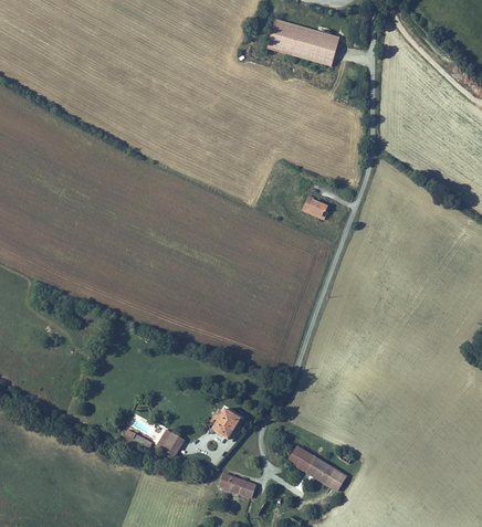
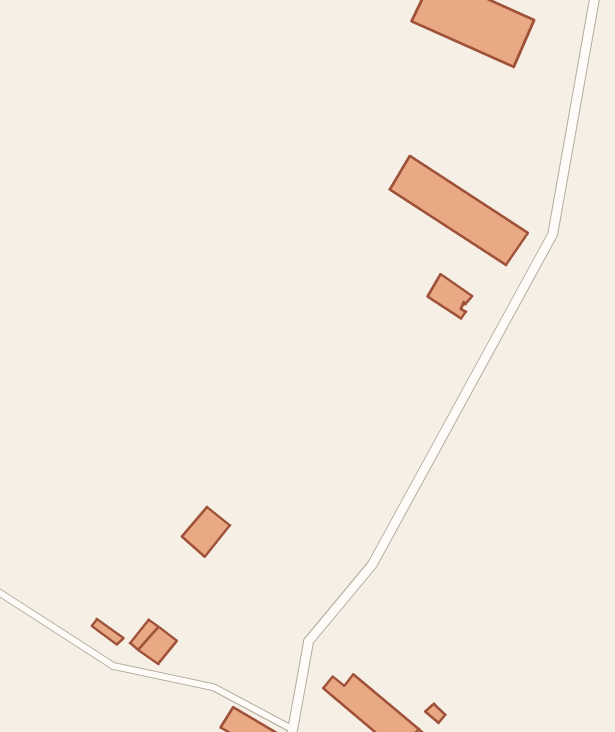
building: none -> [390,156,528,265]
building: [211,408,239,438] -> [182,507,230,557]

